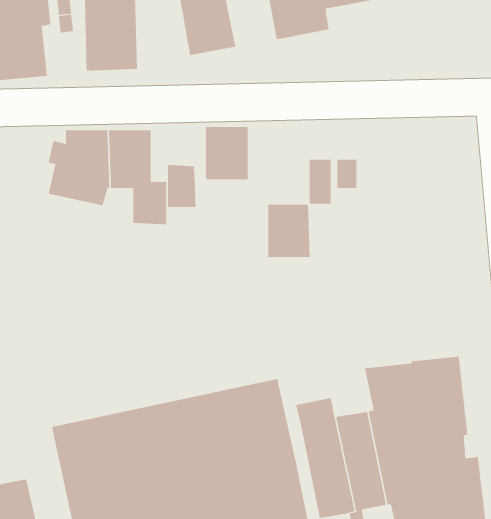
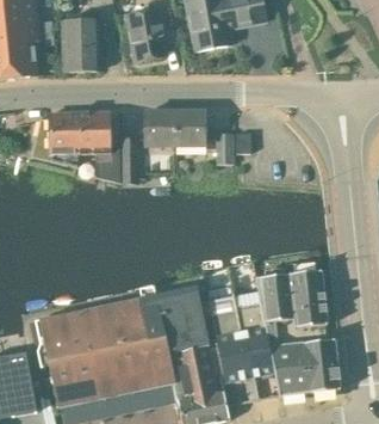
building: [267,204,311,258] -> [175,111,205,148]

